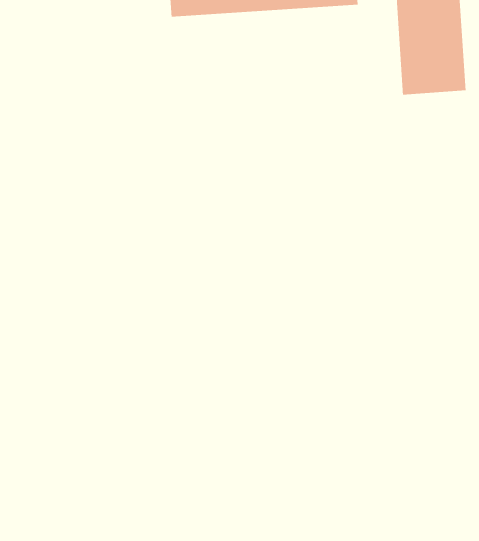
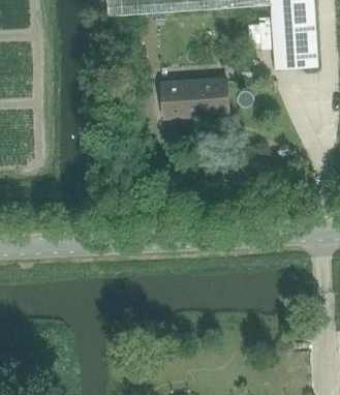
building: none -> [161,78,228,116]

